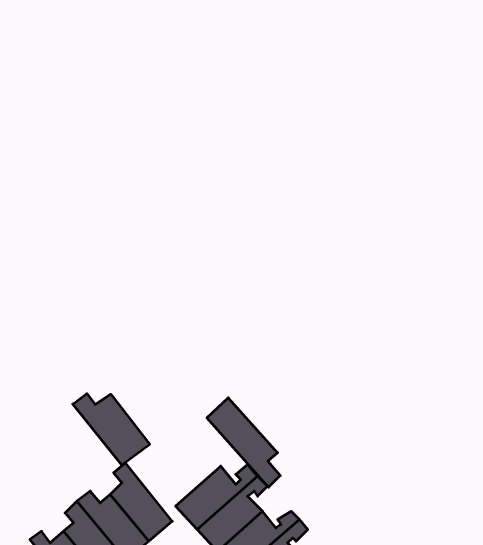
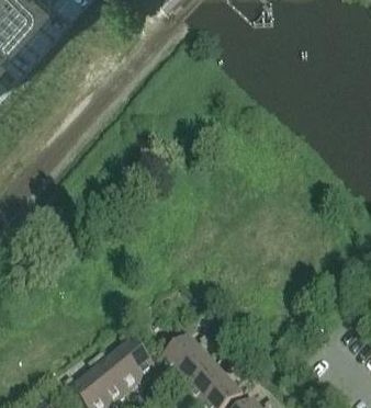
building: [73,394,150,465] -> none
building: [207,398,280,487] -> none

